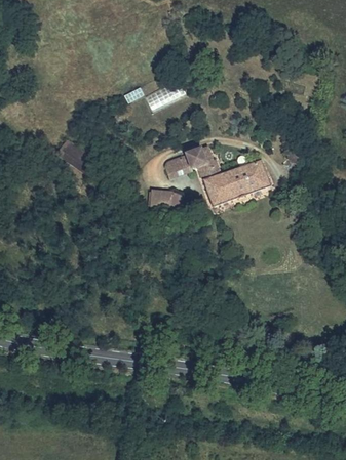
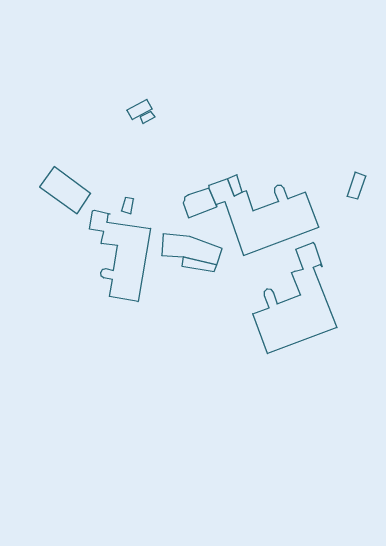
building: none -> [90,210,151,302]
building: none -> [253,242,337,354]

